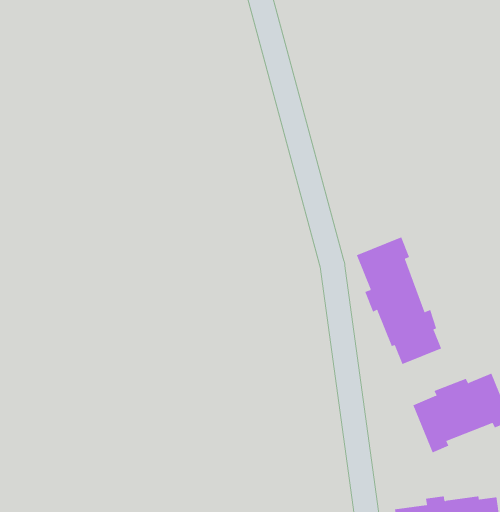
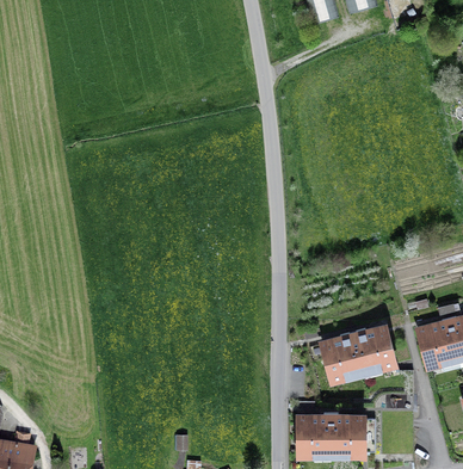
building: [356,237,442,365] -> none

